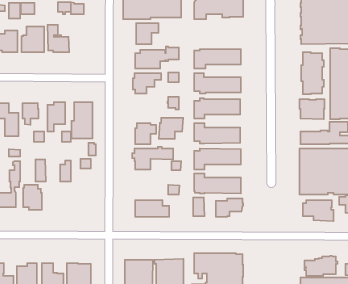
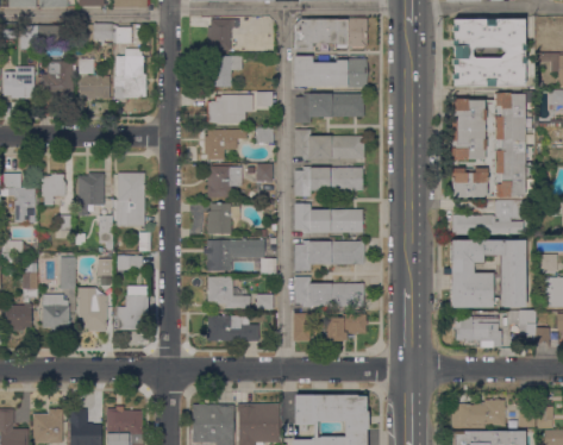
building: none -> [115,49,146,99]
building: none -> [295,56,368,87]
building: [159,118,183,139] -> [207,167,243,198]
building: none -> [207,277,250,308]
building: none -> [118,287,149,330]
building: none -> [79,296,107,331]

